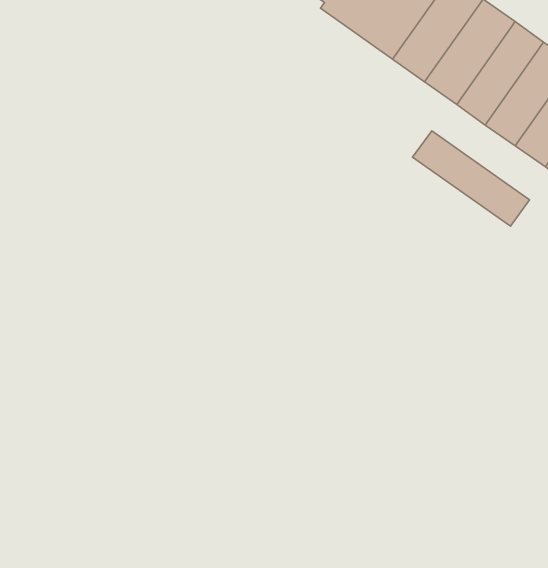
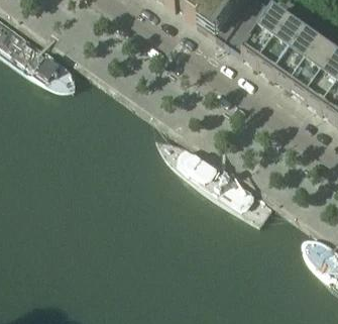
building: [413,131,530,226] -> none

